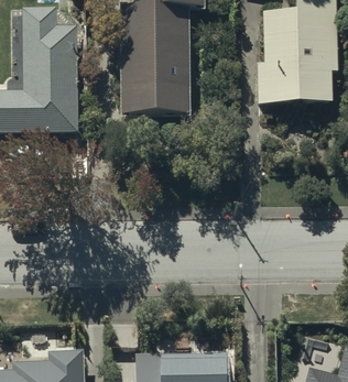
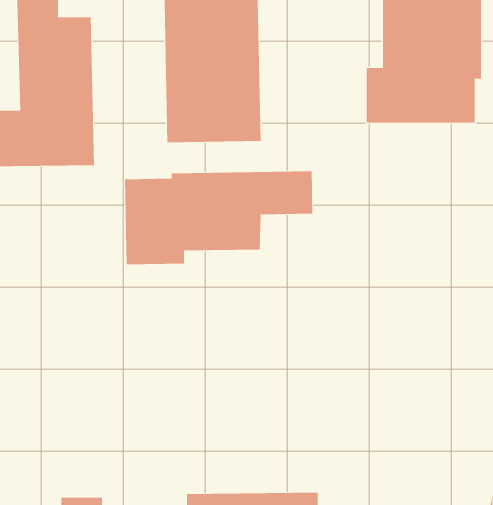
building: none -> [125,170,313,265]

